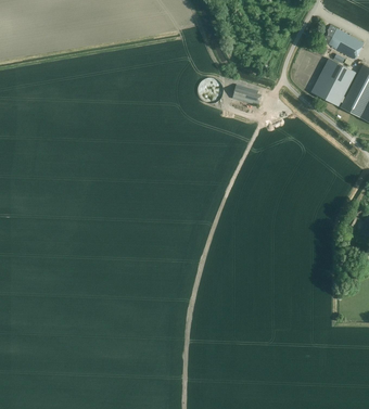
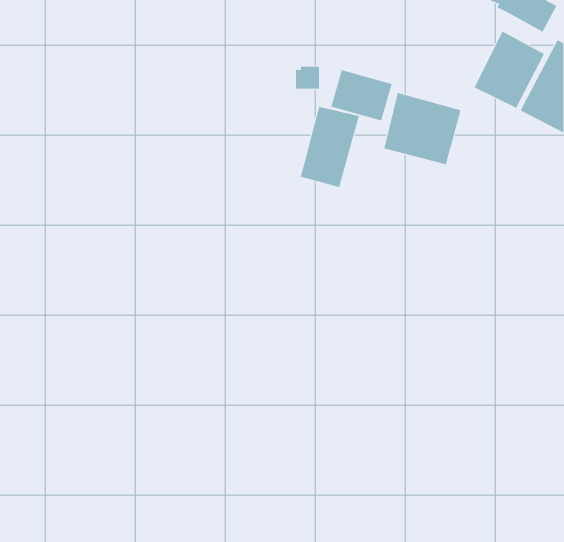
building: none -> [384,92,461,165]
building: none -> [300,106,359,188]

